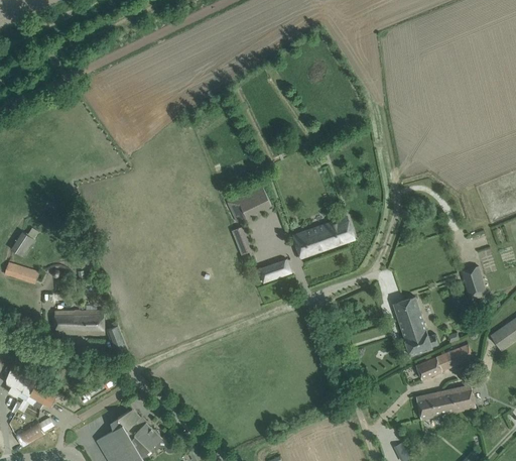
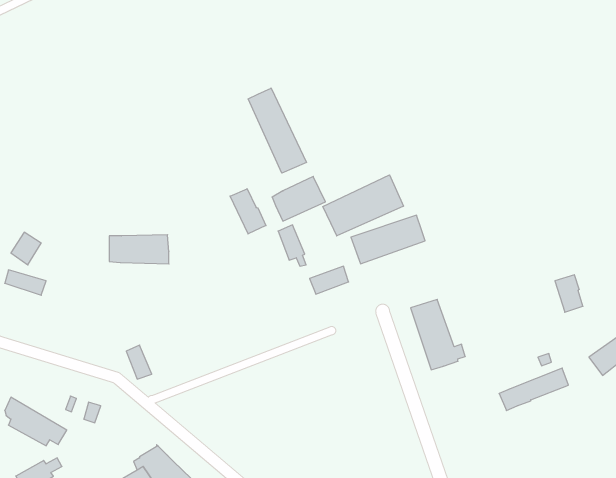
building: none -> [248,88,306,173]
building: none -> [323,175,403,236]
building: none -> [230,189,266,234]
building: [392,297,437,355] -> [411,299,465,370]
building: [54,310,104,334] -> [109,235,169,264]
building: [415,384,475,420] -> none

